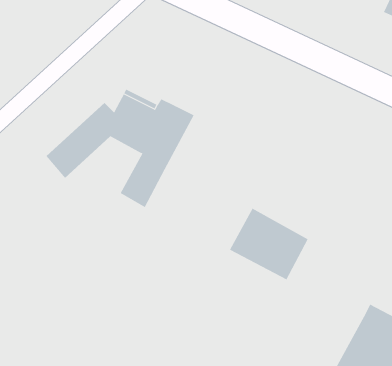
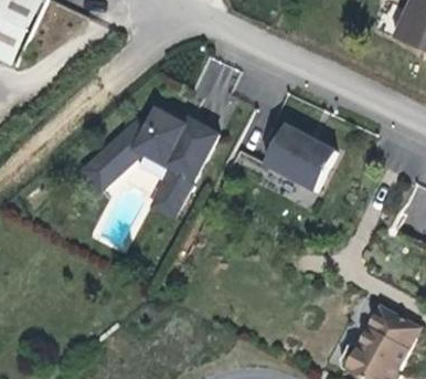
building: [229,208,309,280] -> [263,122,336,188]

